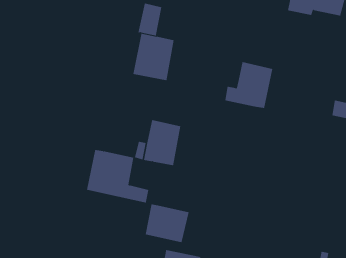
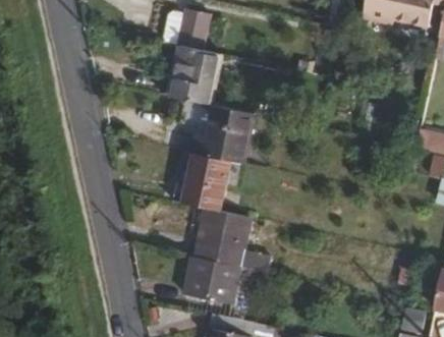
building: [224,61,273,109] -> [193,105,254,163]
building: [86,149,149,203] -> [200,208,277,274]

